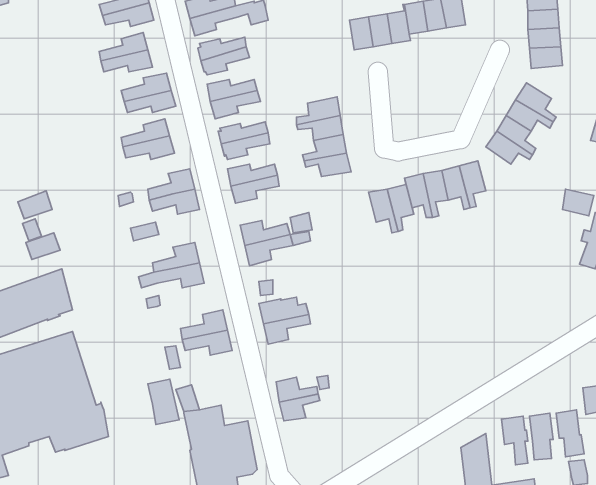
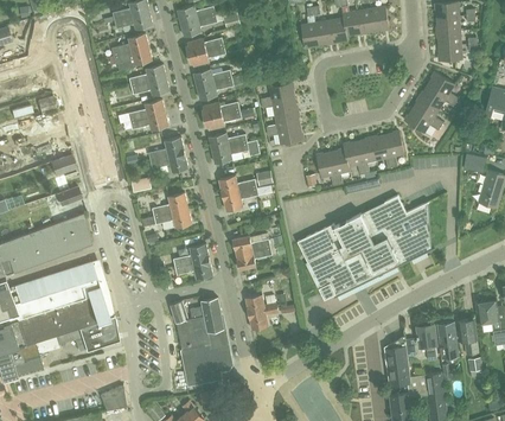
building: none -> [296,196,432,300]
building: [148,379,179,425] -> [200,298,224,332]

